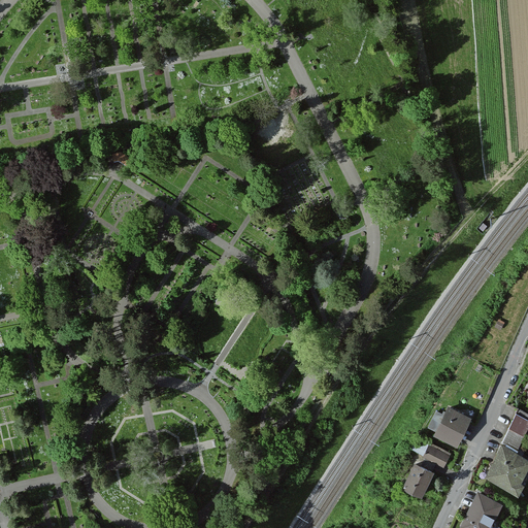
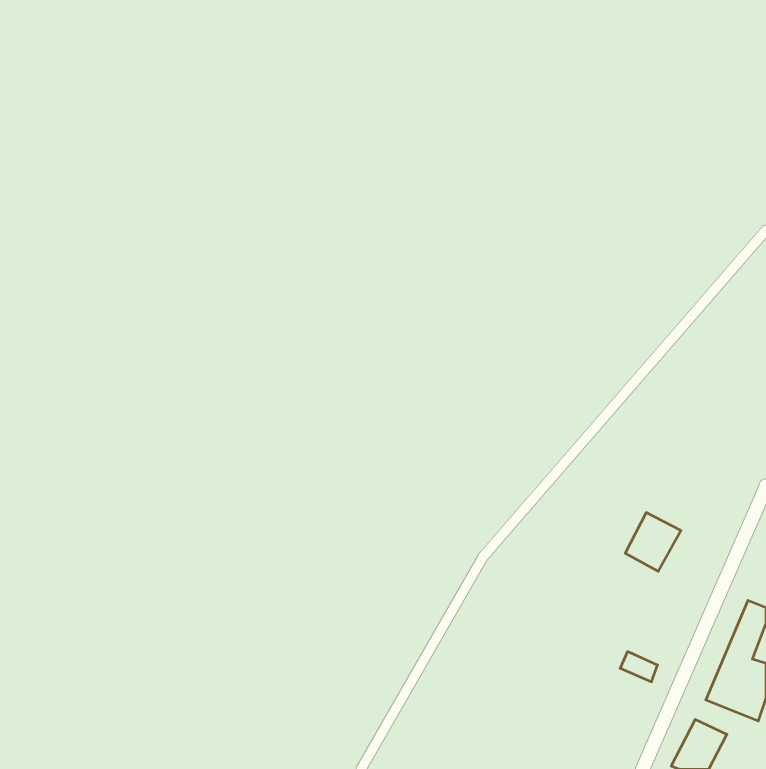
building: [435,408,473,449] -> [625,513,681,571]
building: [404,465,436,499] -> none

